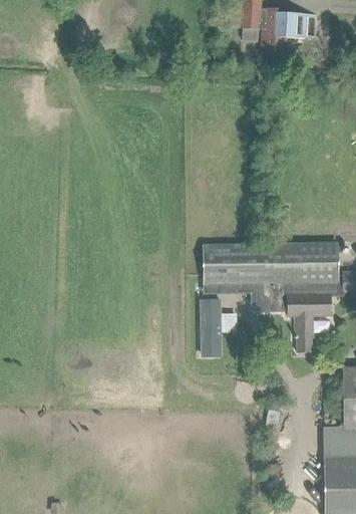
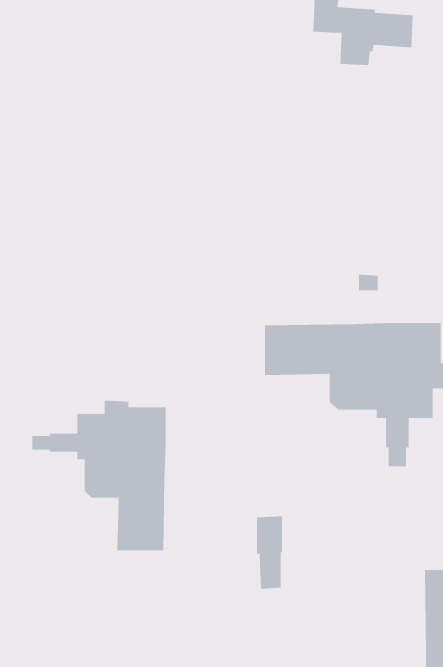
building: [200,301,220,356] -> [256,516,283,589]
building: none -> [31,400,167,551]

